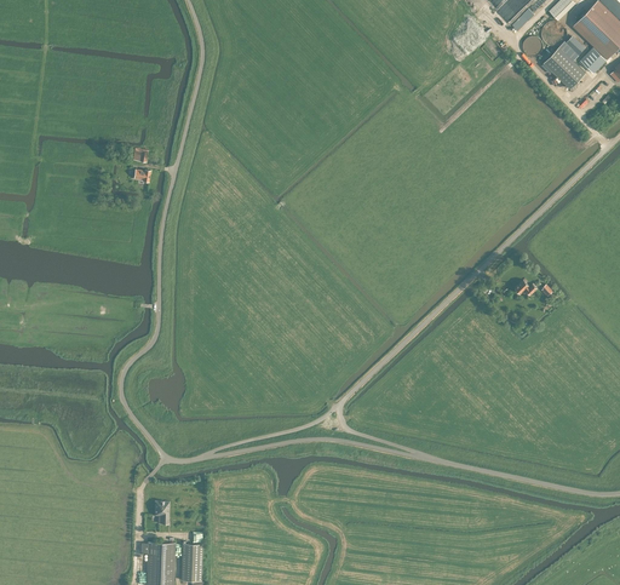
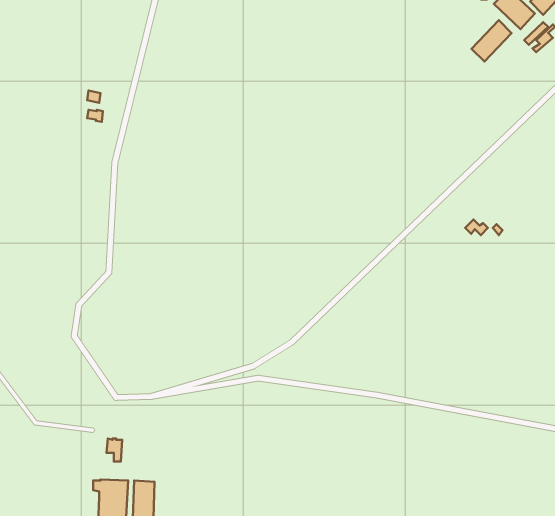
building: none -> [472,20,512,61]

